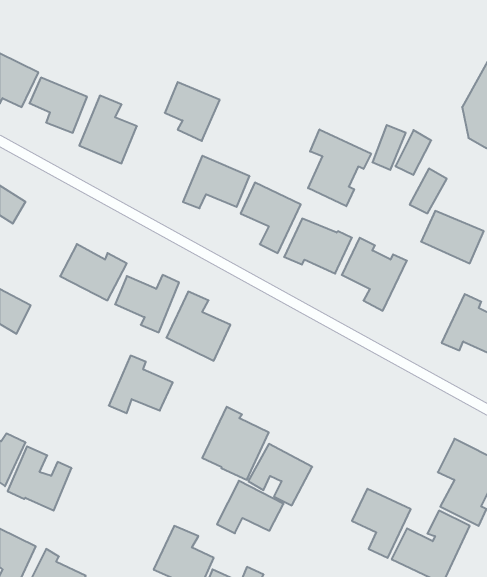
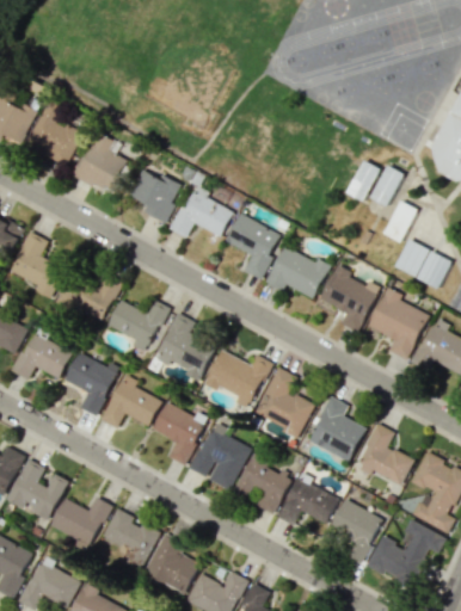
building: [165,82,220,141] -> [129,168,180,223]
building: [308,129,371,206] -> none
building: none -> [10,232,64,298]
building: none -> [367,286,429,360]
building: none -> [12,333,72,379]
building: none -> [204,351,270,409]
building: none -> [64,353,118,416]
building: none -> [252,366,314,437]
building: none -> [307,396,365,462]
building: none -> [152,401,205,465]
building: none -> [355,424,413,485]
building: [217,481,284,533] -> [276,477,338,526]
building: none -> [50,498,110,545]
building: none -> [103,510,160,569]

